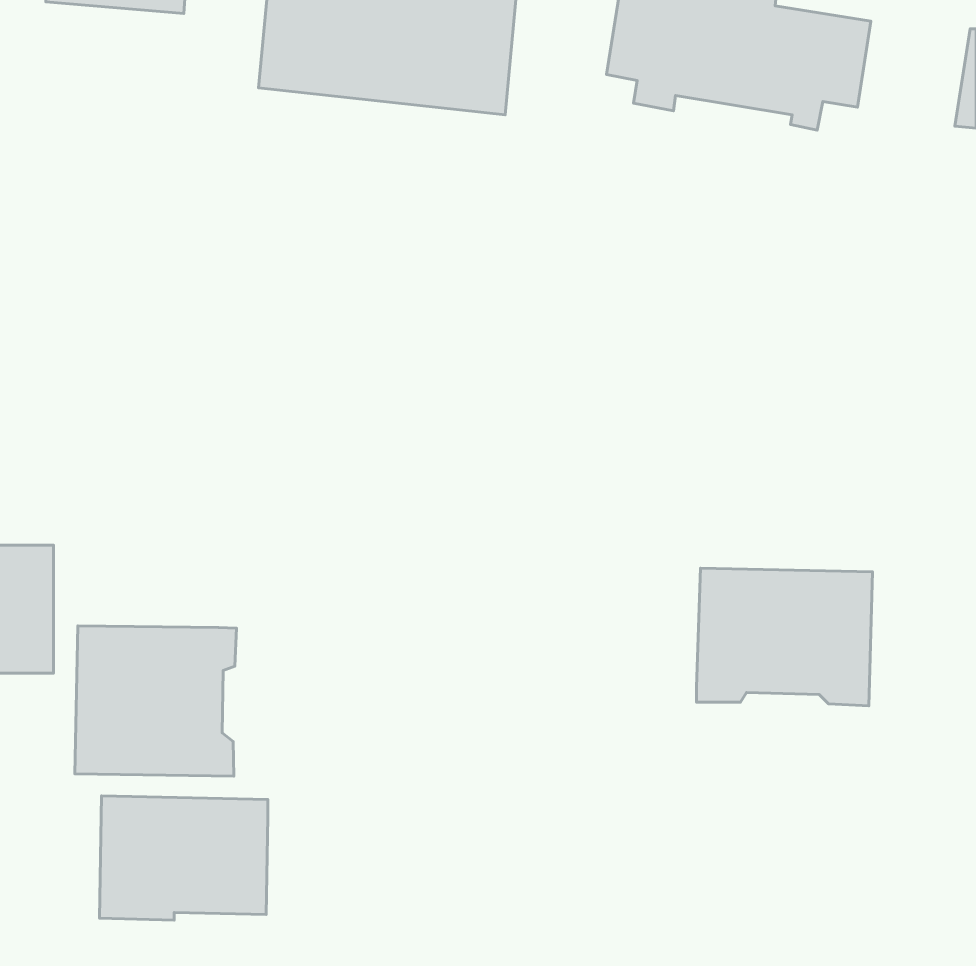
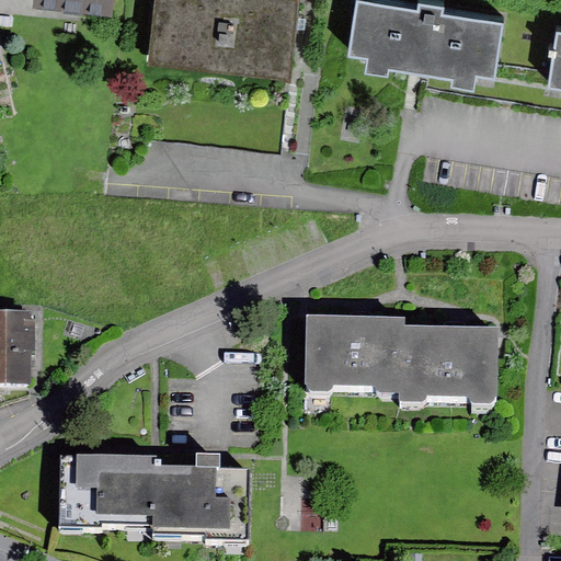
building: none -> [305,316,402,393]
building: [75,626,237,776] -> none
building: none -> [152,456,250,539]

